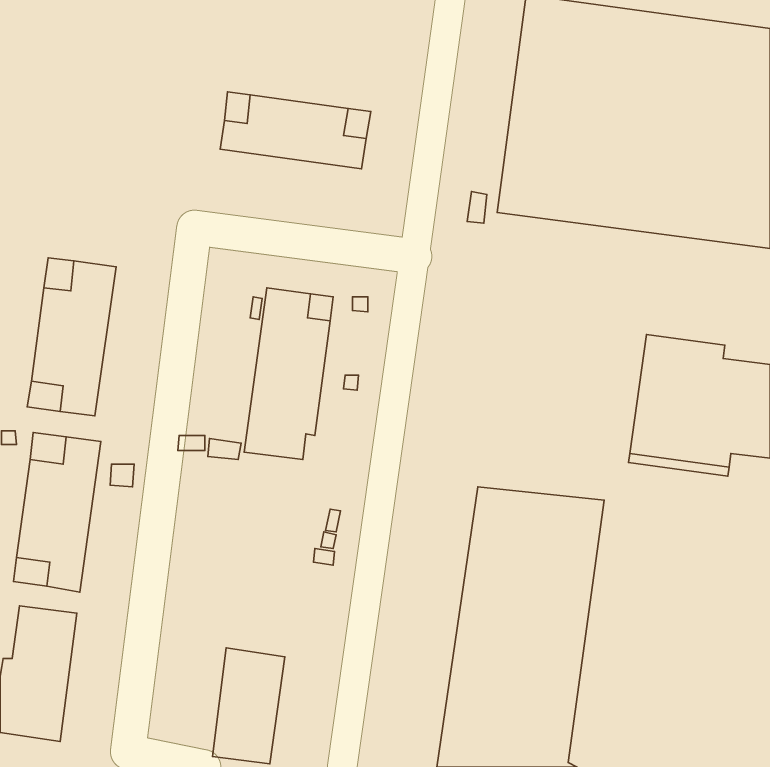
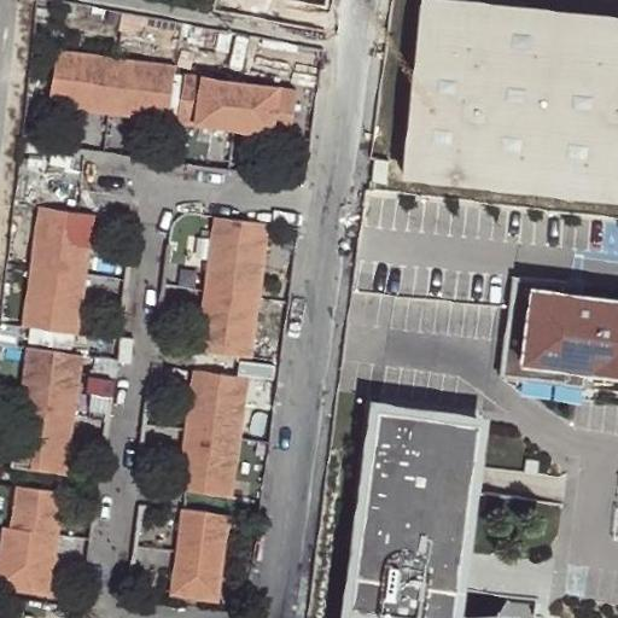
building: none -> [48,51,174,118]
building: none -> [176,383,244,507]

